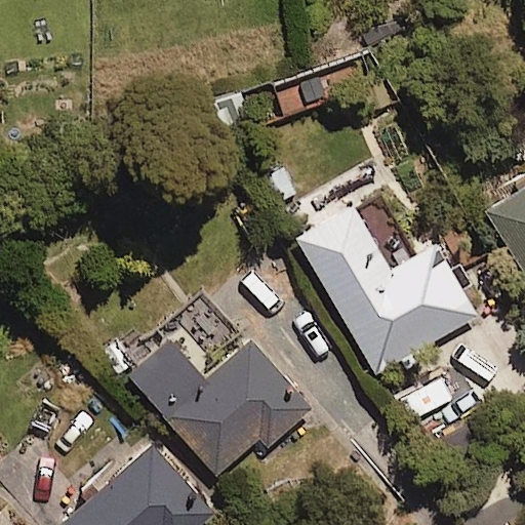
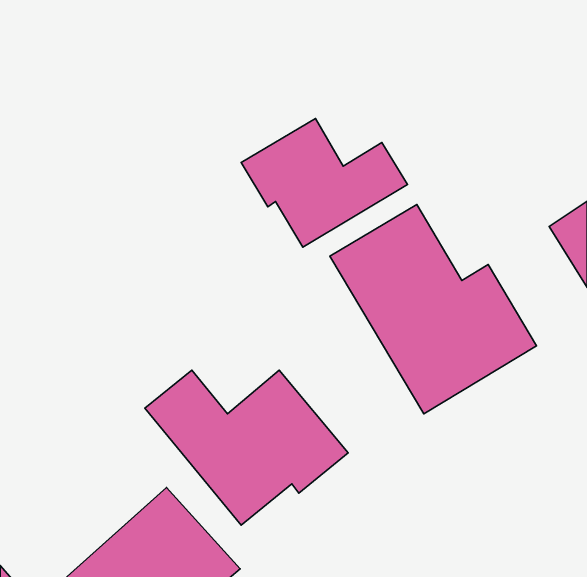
building: none -> [241,119,407,247]

